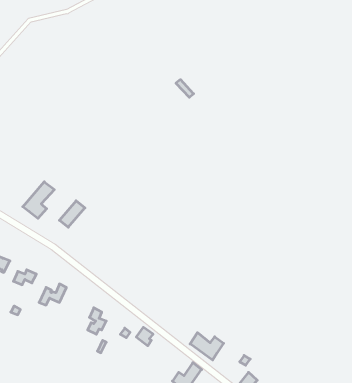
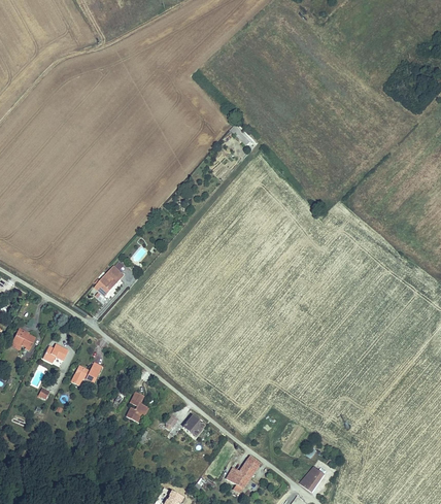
building: [23,182,54,218] -> none
building: [190,333,224,360] -> none

